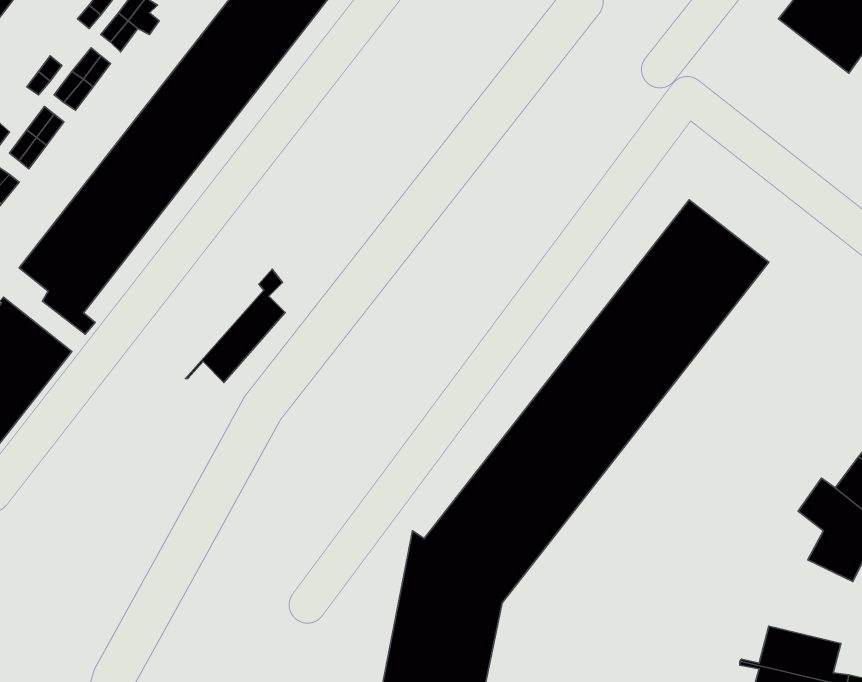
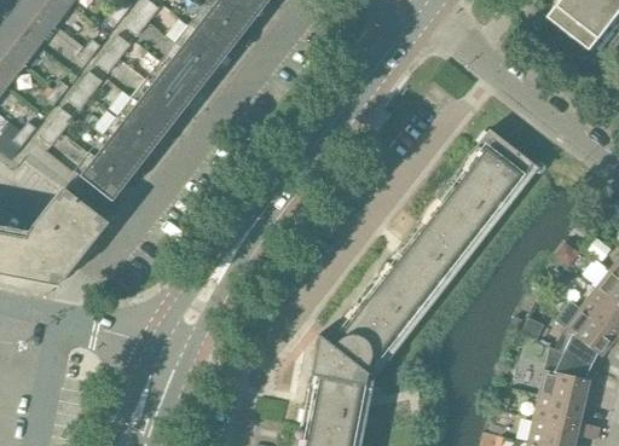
building: [186,269,285,383] -> none
building: none -> [539,348,591,405]

